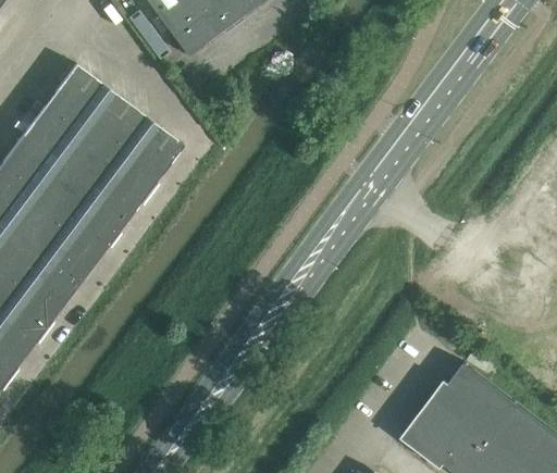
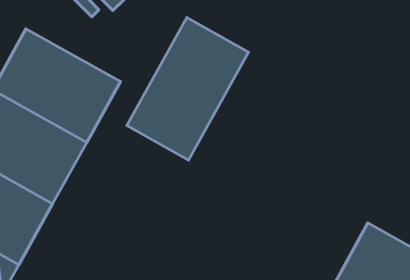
building: none -> [127,17,249,160]

